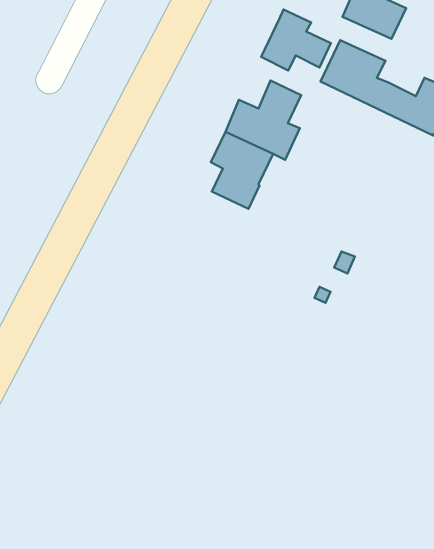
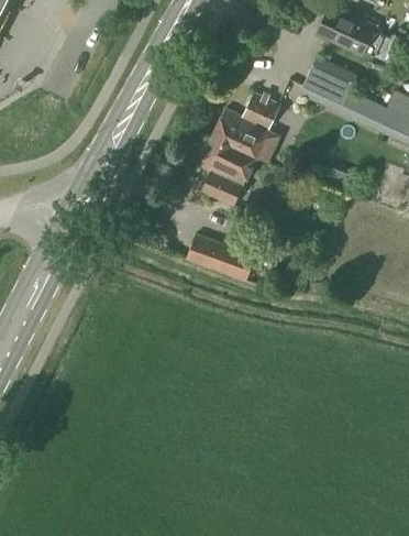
building: [261,9,331,70] -> none
building: none -> [186,234,255,282]

